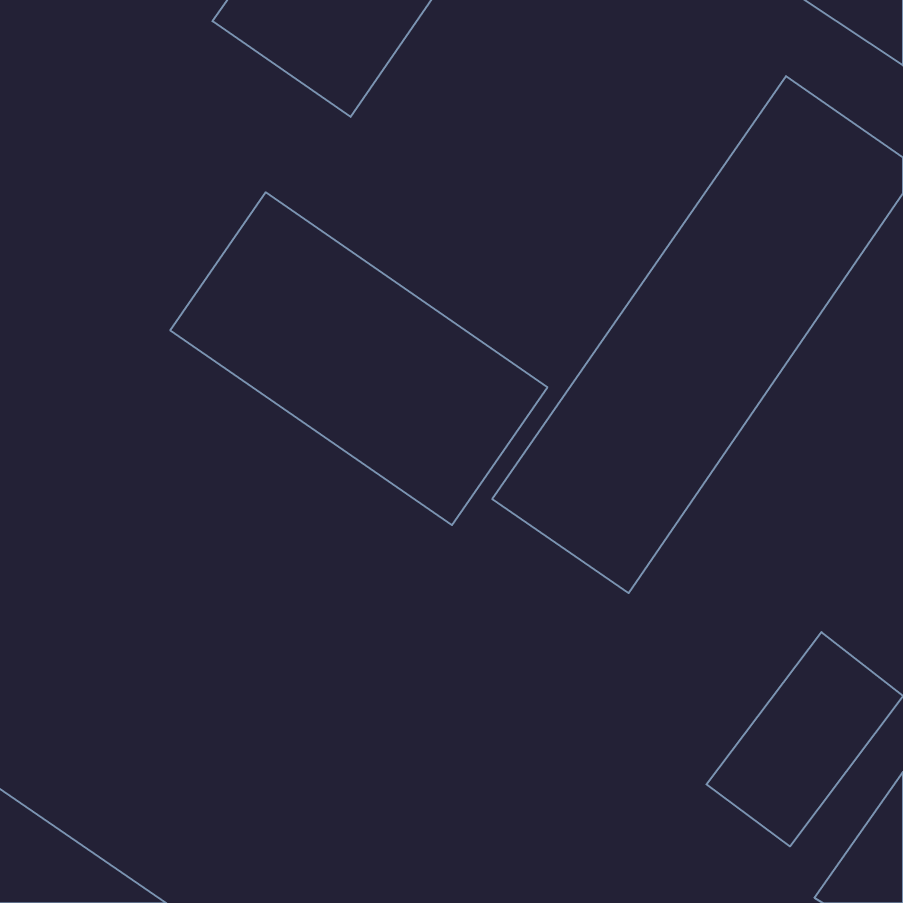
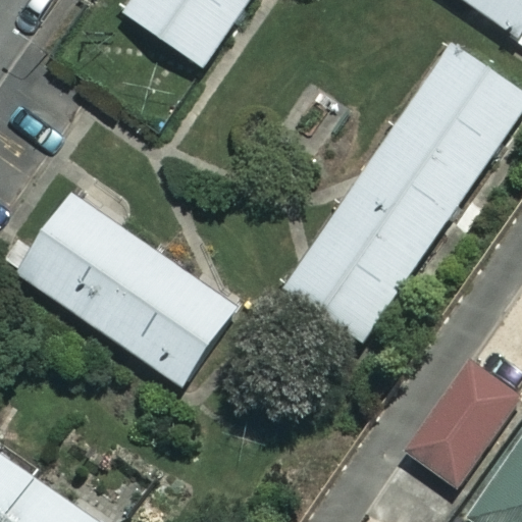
building: [170,192,547,525] -> [16,193,233,384]

